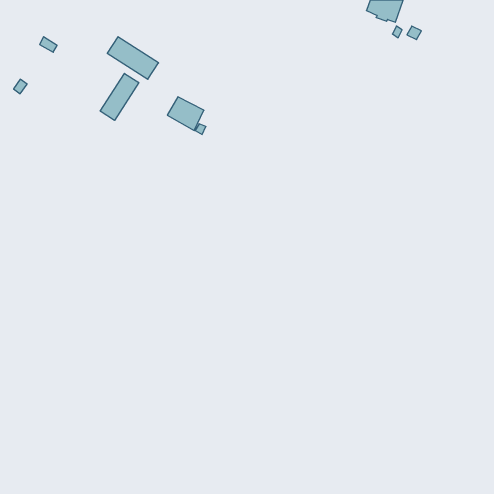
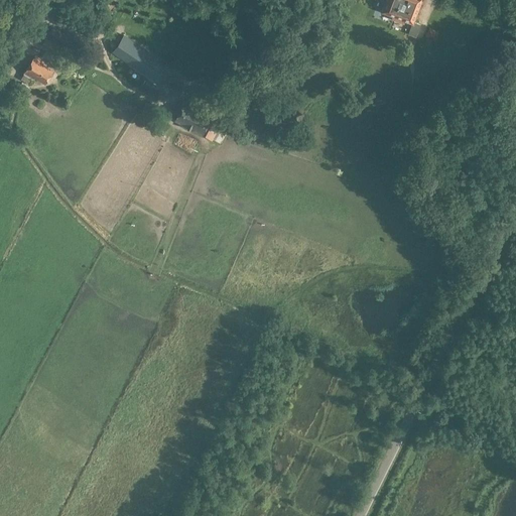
building: none -> [24,56,53,84]
building: [100,73,139,120] -> none

